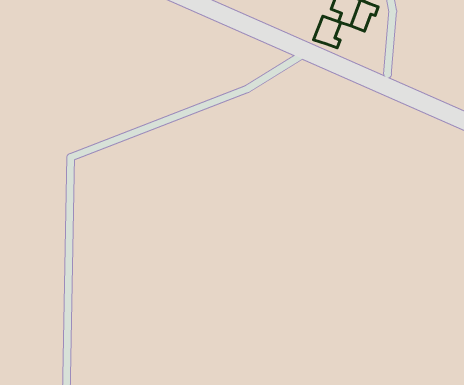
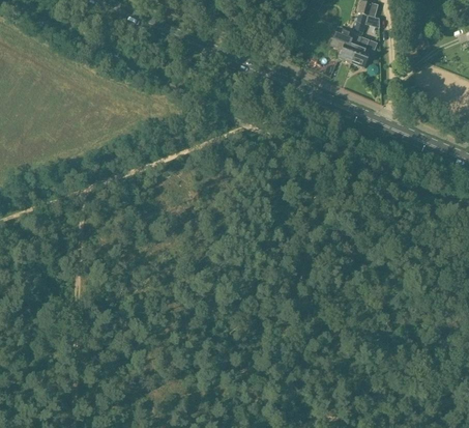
building: [313,16,341,48] -> none

